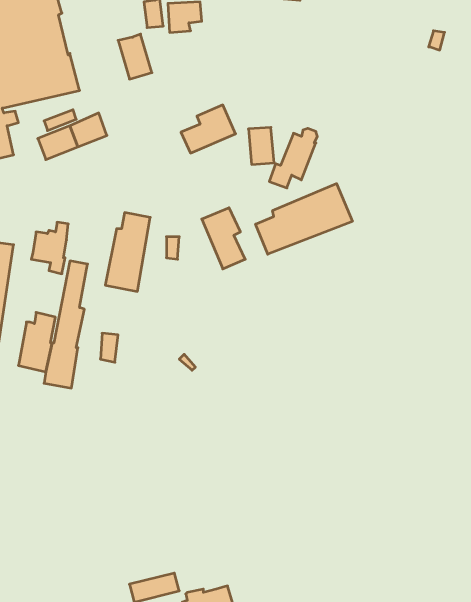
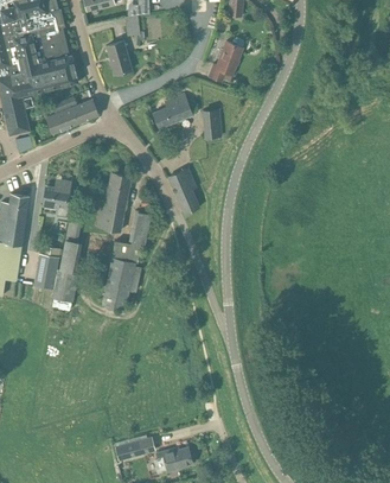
building: [269,128,317,188] -> [207,37,243,81]
building: [256,184,352,254] -> none
building: none -> [101,210,149,309]

